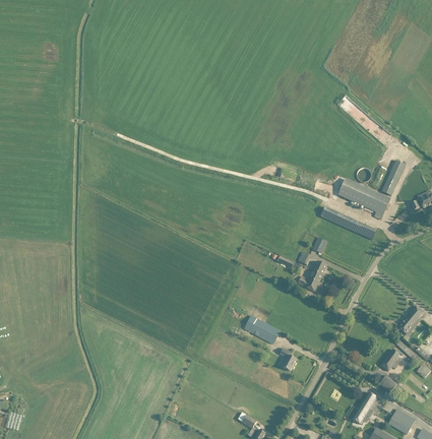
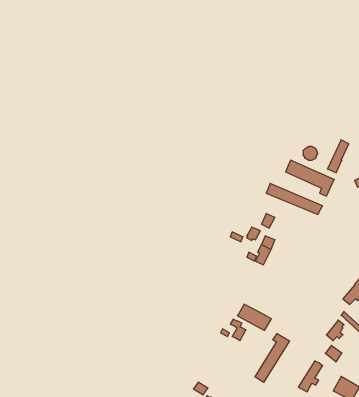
building: [244,315,280,342] -> [237,304,271,330]
building: none -> [255,334,290,382]

